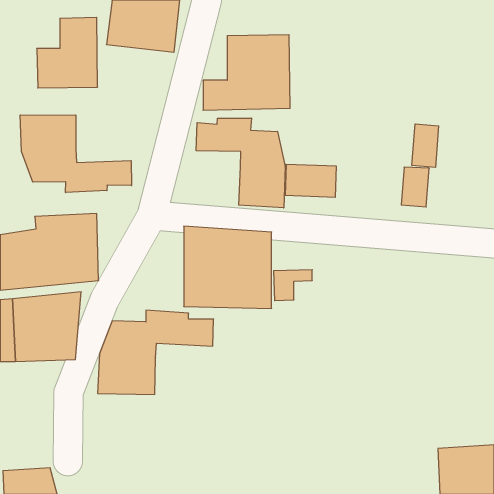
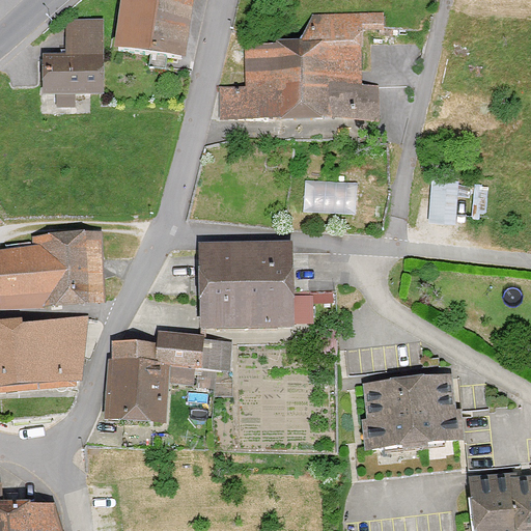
building: none -> [309,11,386,118]
building: [20,115,131,193] -> none
building: [196,118,285,208] -> none
building: [412,124,439,167] -> none
building: none -> [361,375,455,454]

